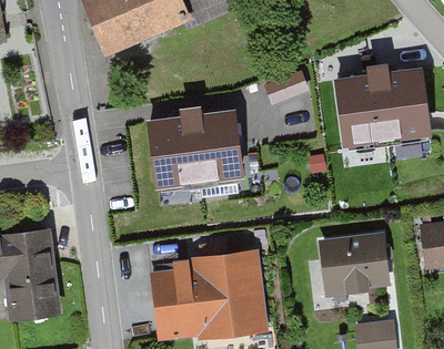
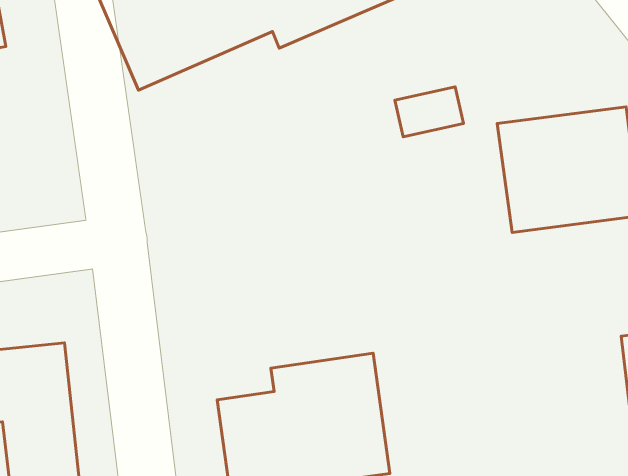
building: [149,106,244,184] -> none
building: [315,235,386,297] -> none

